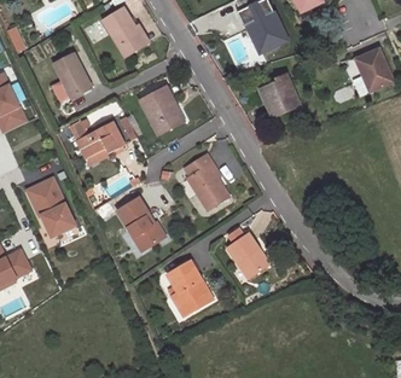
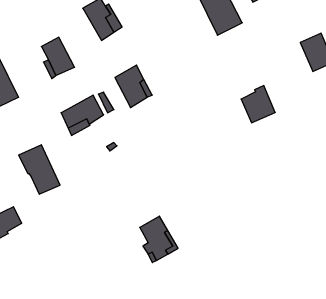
building: [260,74,300,117] -> [241,86,275,123]
building: [185,152,231,208] -> none
building: [117,197,163,249] -> none
building: [227,231,267,277] -> none

